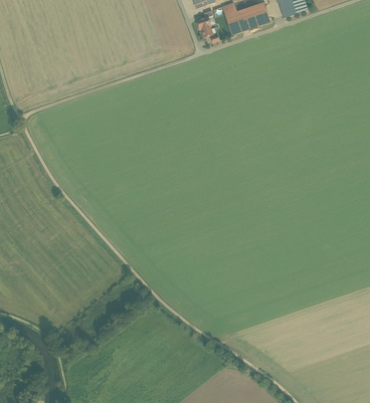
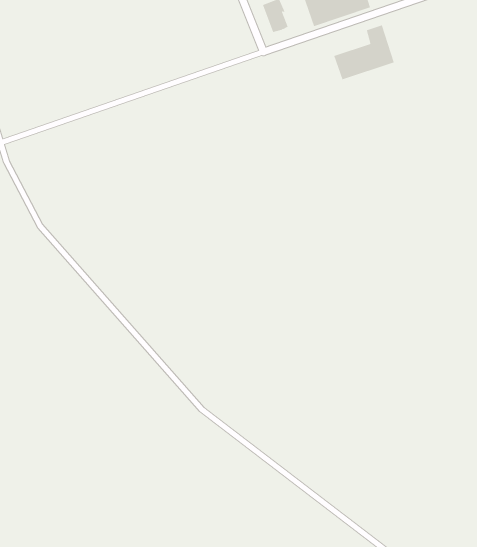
building: none -> [333,25,394,80]

